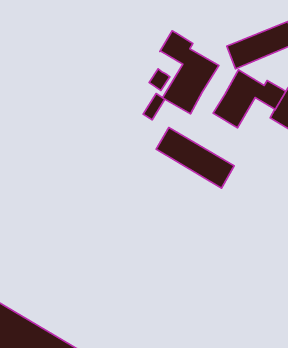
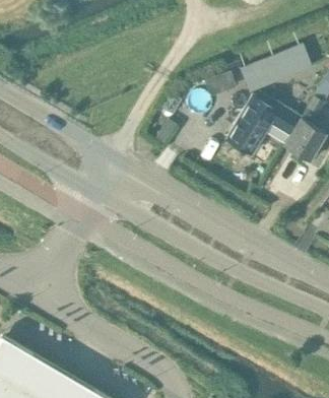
building: [160,31,219,114] -> none
building: [156,128,234,188] -> none

